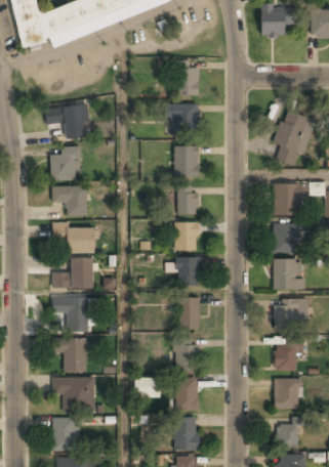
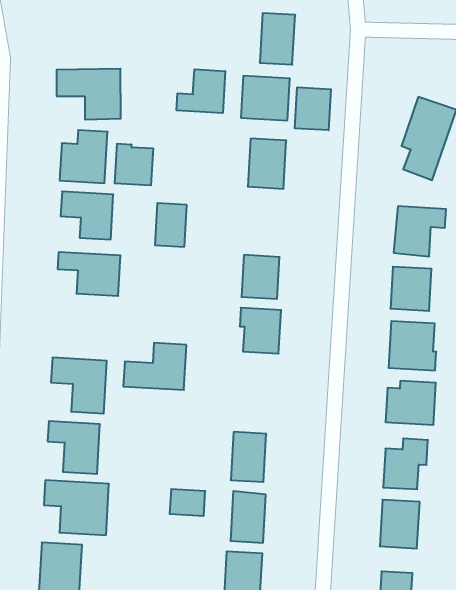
building: none -> [177,69,225,113]
building: none -> [295,87,331,130]
building: none -> [115,144,153,185]
building: [176,186,196,214] -> [155,203,187,247]
building: [52,259,92,289] -> [123,343,186,390]
building: [178,297,199,330] -> none

